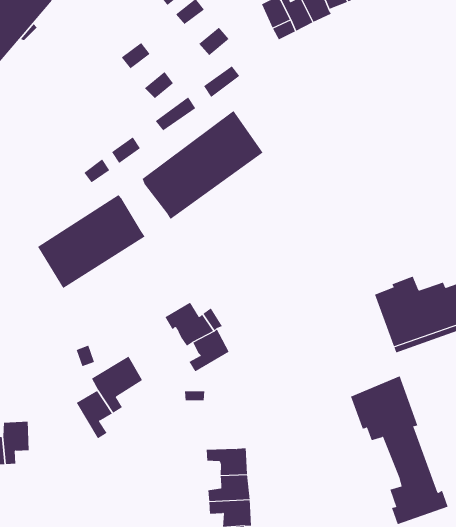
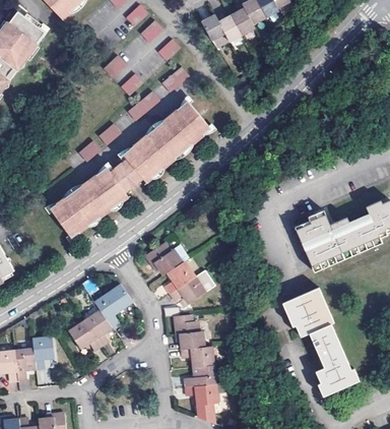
building: none -> [110,159,142,192]
building: none -> [170,277,204,303]
building: none -> [174,313,203,349]
building: none -> [68,320,102,351]

